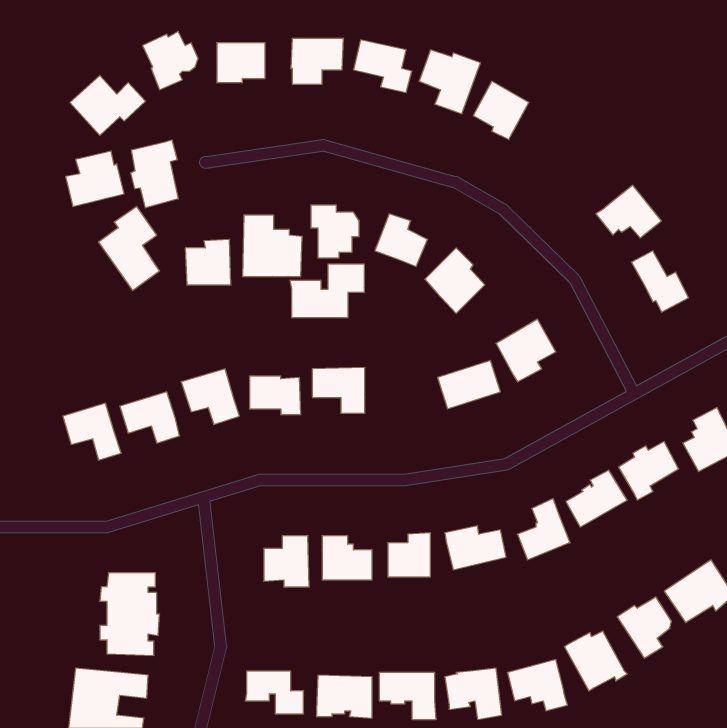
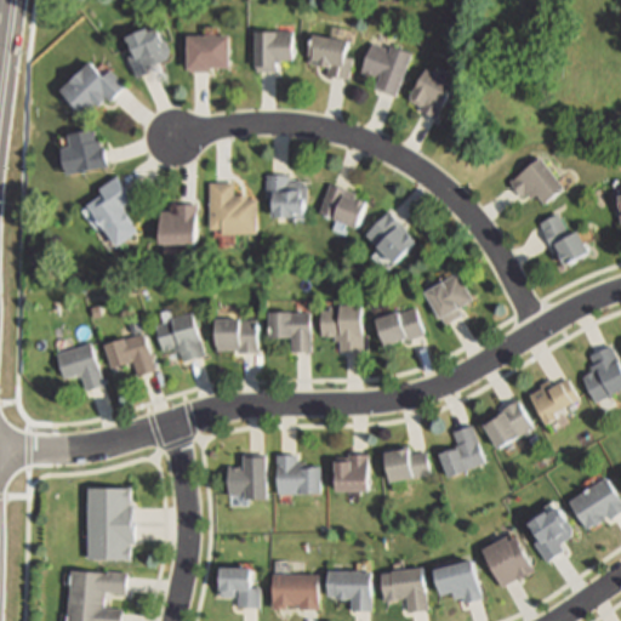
building: [131,140,178,208] -> none
building: [290,264,364,318] -> none
building: none -> [319,306,361,352]

